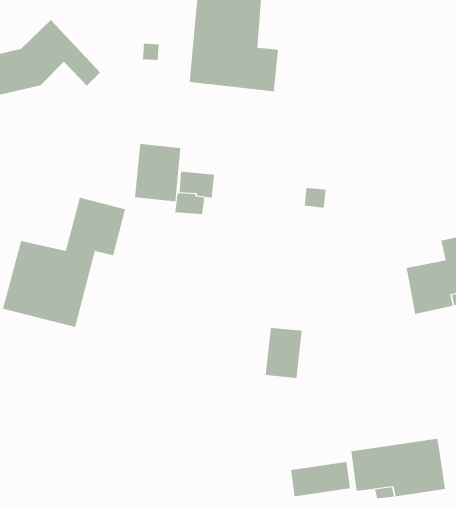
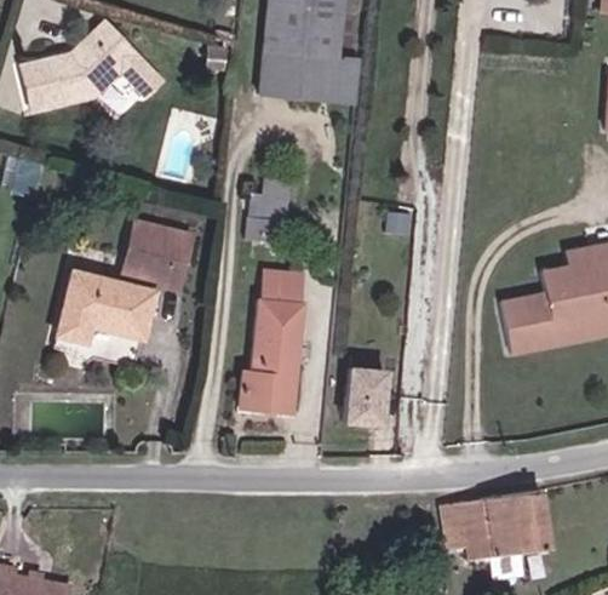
building: [135,143,181,202] -> none
building: none -> [240,270,302,408]
building: [291,461,351,497] -> none

